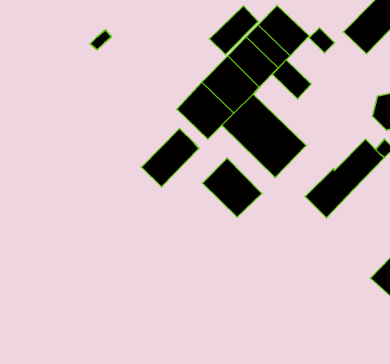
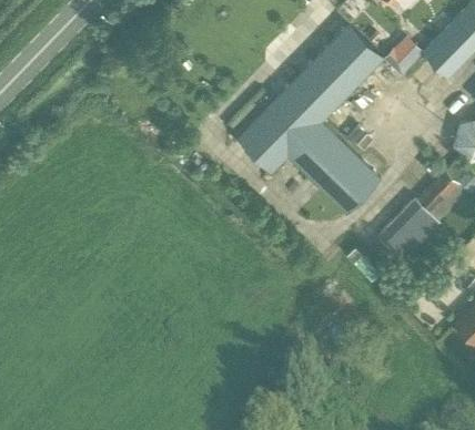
building: [210,6,258,54] -> none
building: [272,60,311,99] -> none
building: [141,129,199,187] -> none
building: [203,158,262,217] -> none

